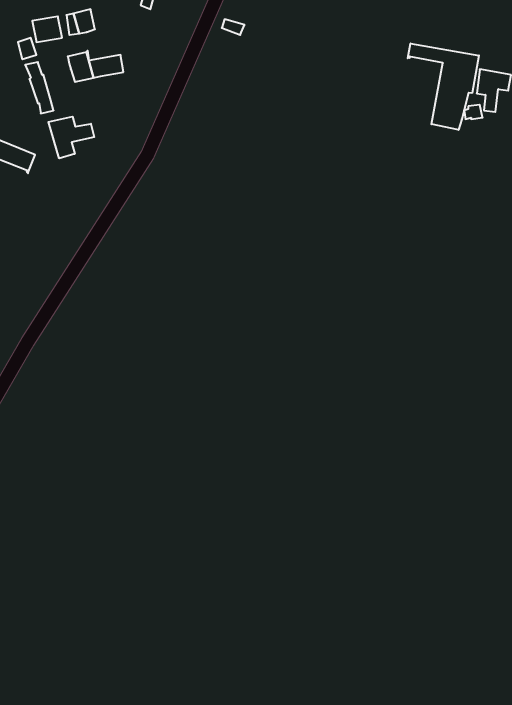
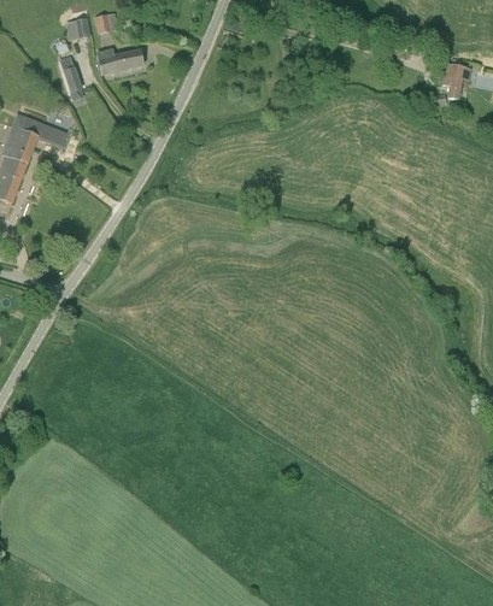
building: [408,43,479,130] -> none
building: [48,117,94,158] -> none

